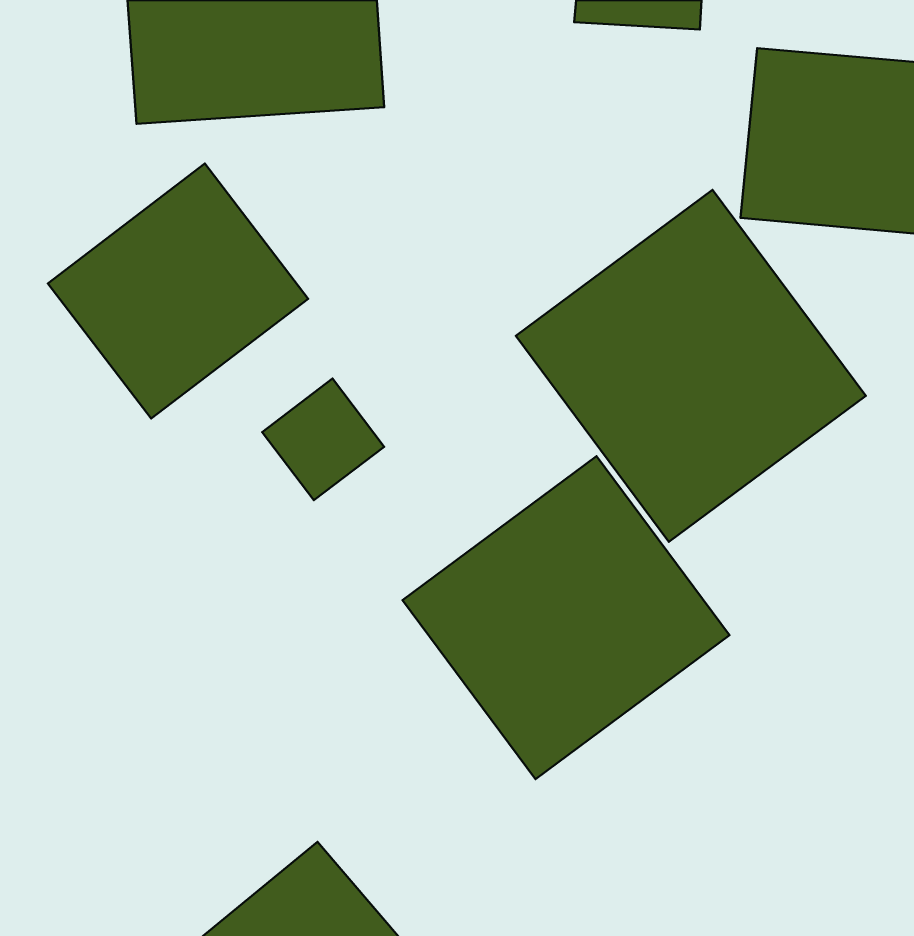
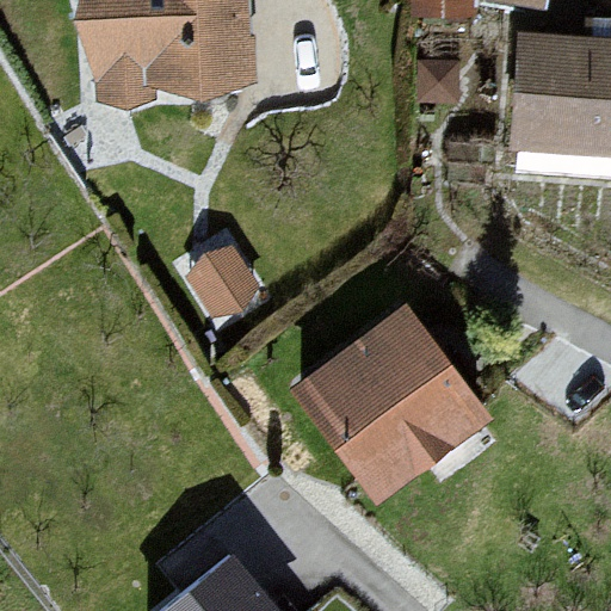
building: [48,164,308,419] -> none
building: [516,190,866,542] -> none

